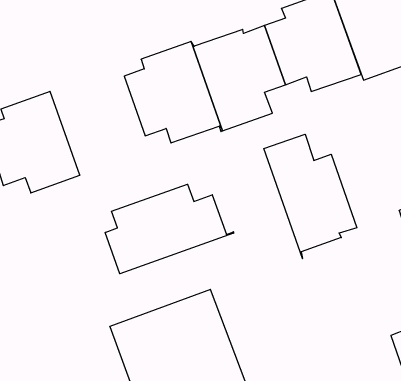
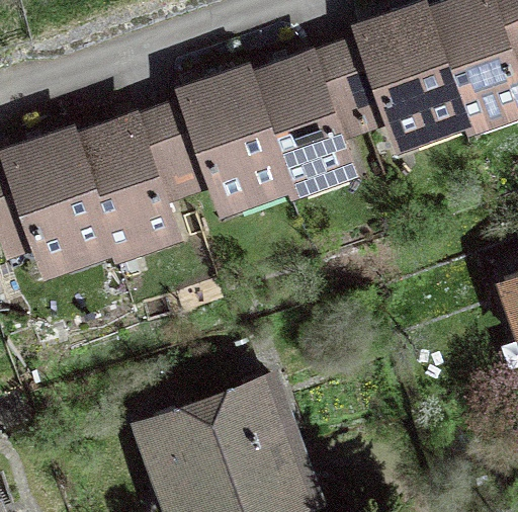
building: none -> [71,112,187,245]
building: [264,134,357,259] -> none
building: [105,184,234,274] -> none

